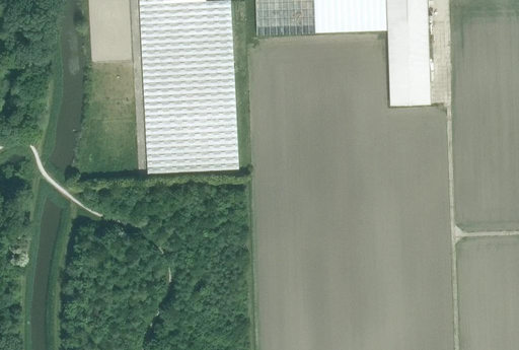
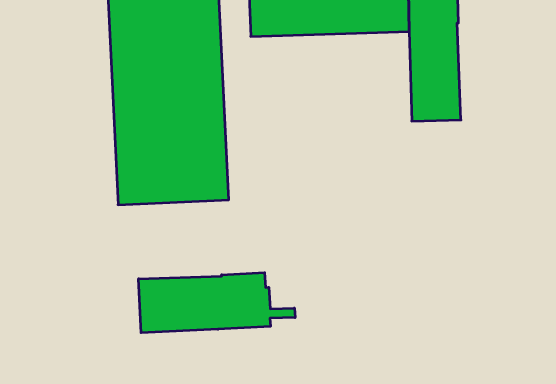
building: none -> [139,273,295,333]

